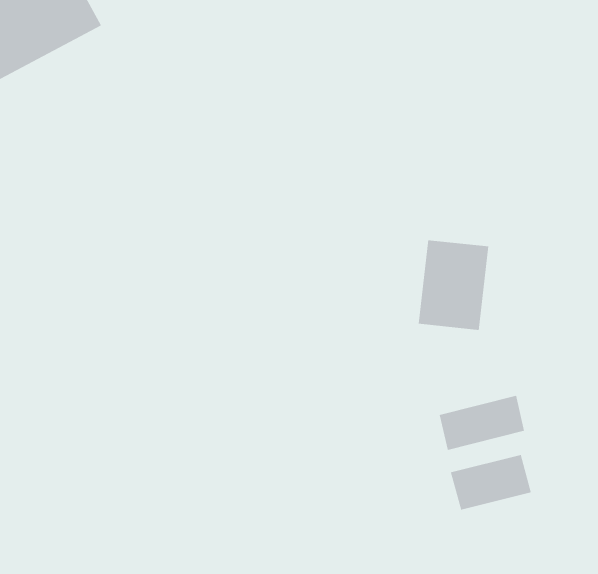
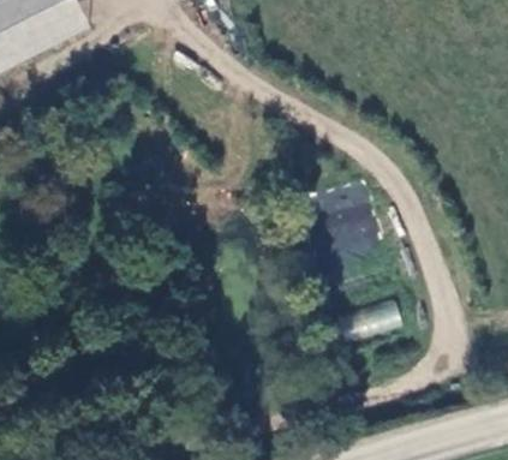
building: [450,454,532,511] -> none

